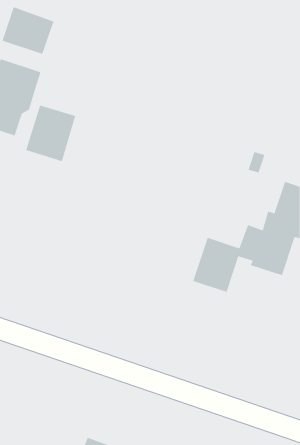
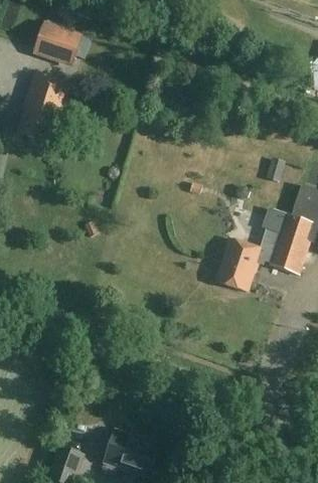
building: [25,104,76,162] -> none

